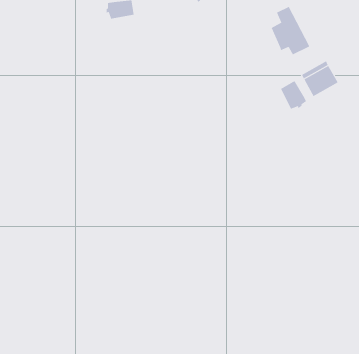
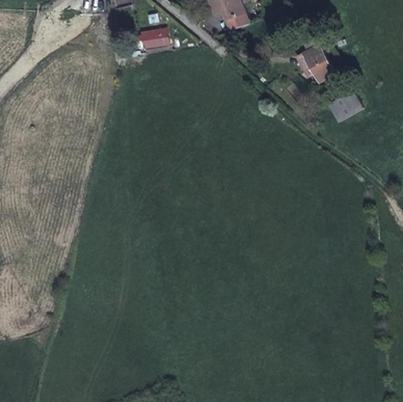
building: [280,80,307,110] -> none

